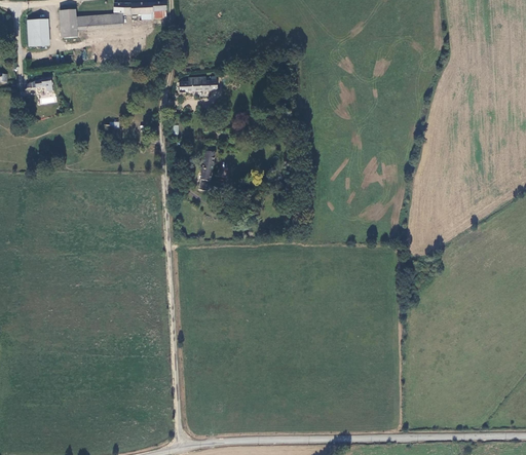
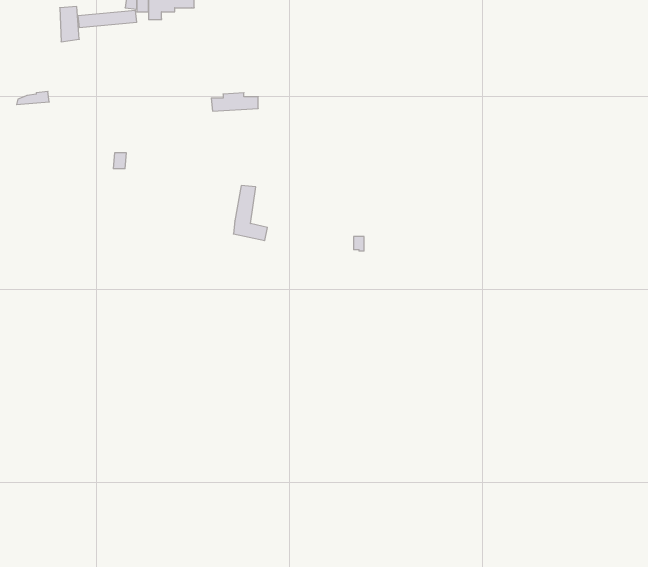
building: [27,21,46,48] -> none

